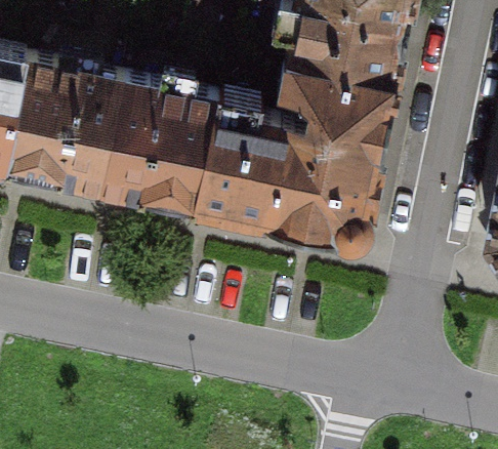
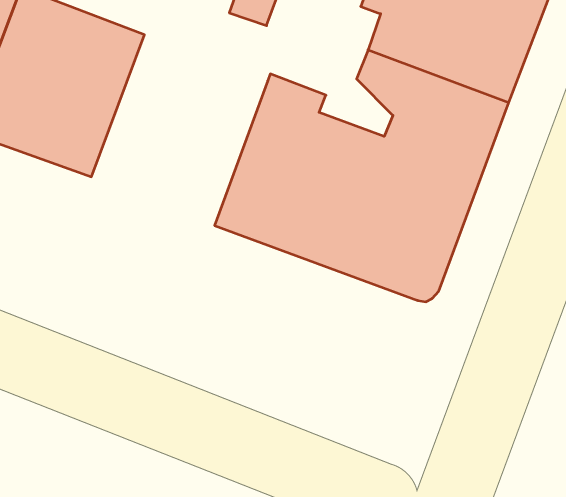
building: [96,83,214,214] -> none

